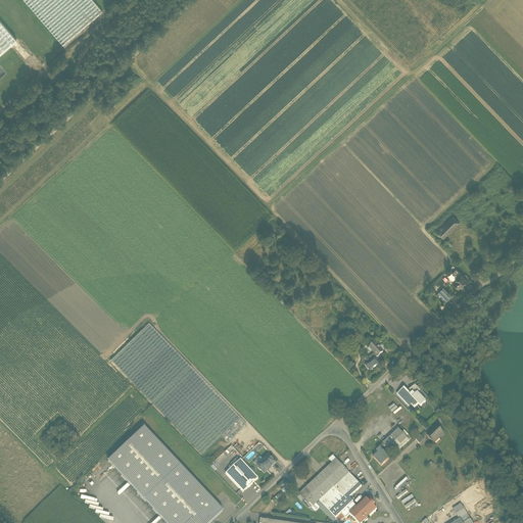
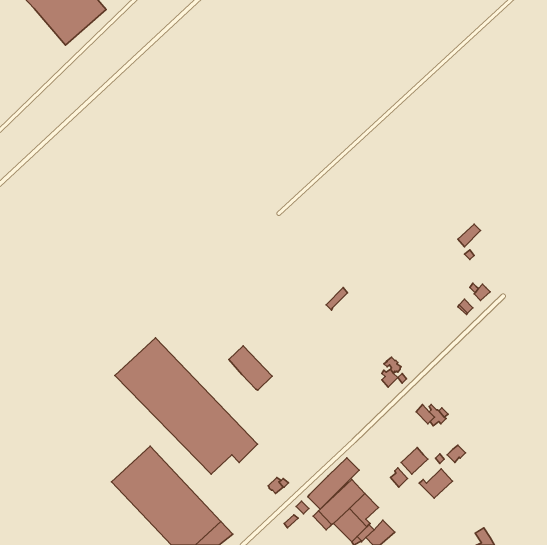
building: none -> [229,346,272,390]
building: none -> [308,458,359,509]
building: none -> [419,469,453,498]
building: [224,457,256,489] -> none

